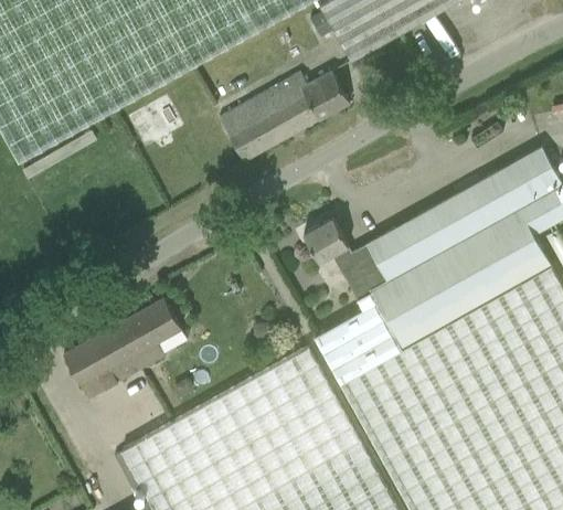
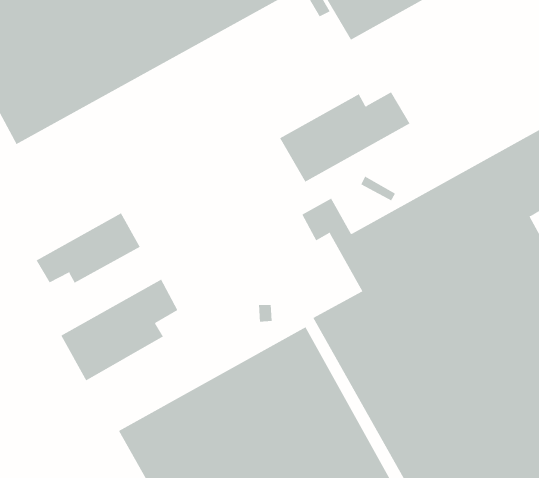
building: [220,71,350,161] -> [279,91,410,182]
building: none -> [36,212,141,283]

